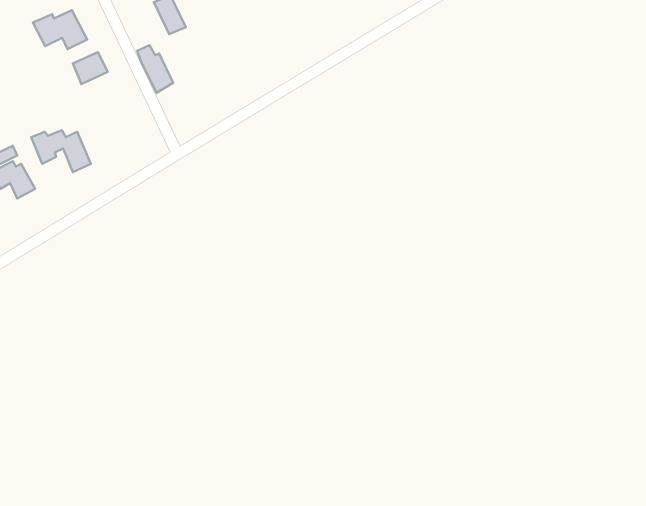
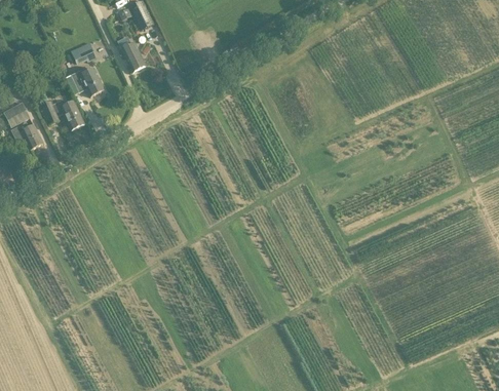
building: [33,10,87,49] -> [63,67,103,95]

